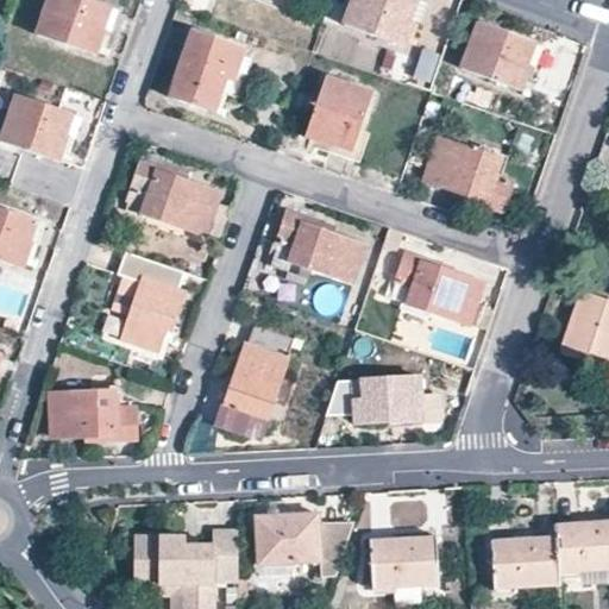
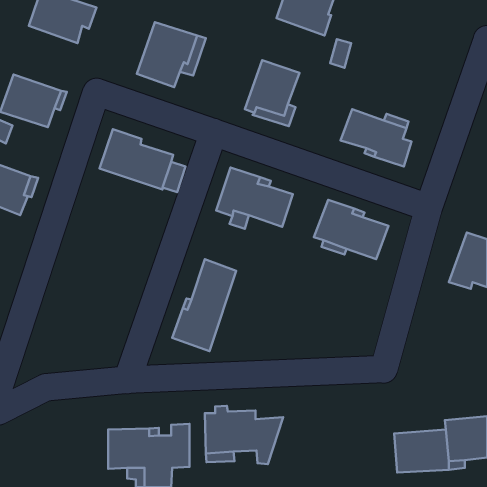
building: [460,20,532,88] -> none
building: [117,252,183,353] -> none
building: [324,376,420,426] -> none
building: [50,390,138,440] -> none
building: [370,533,438,588] -> none

